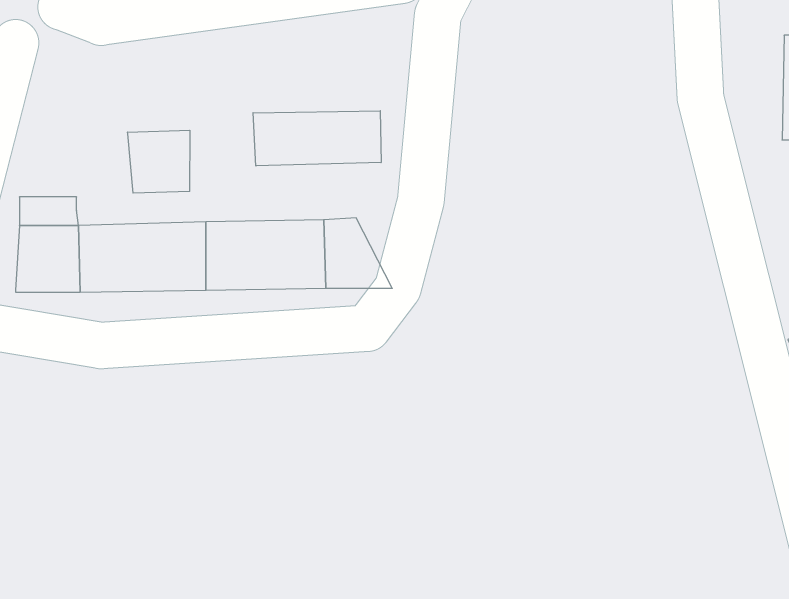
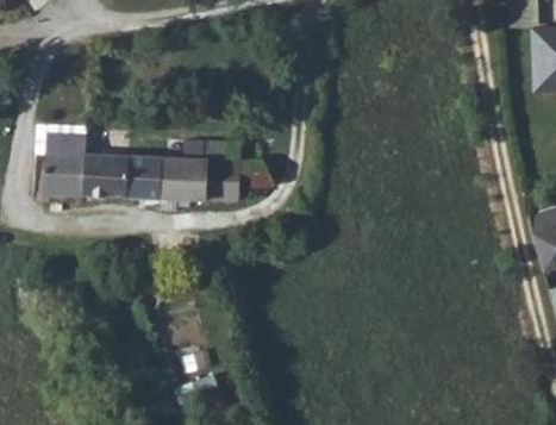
building: [253,111,381,166] -> none
building: [128,130,190,193] -> none

